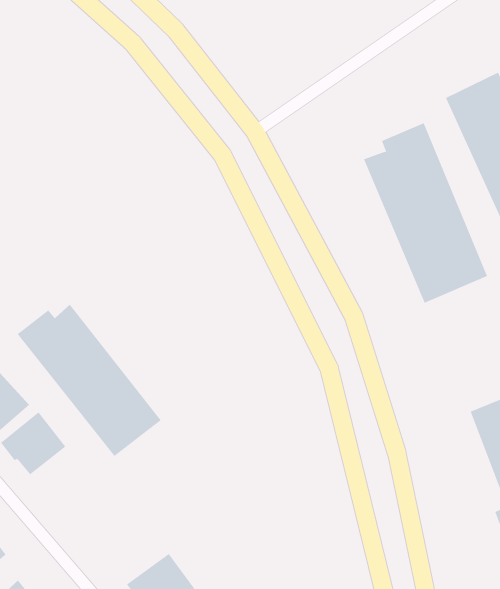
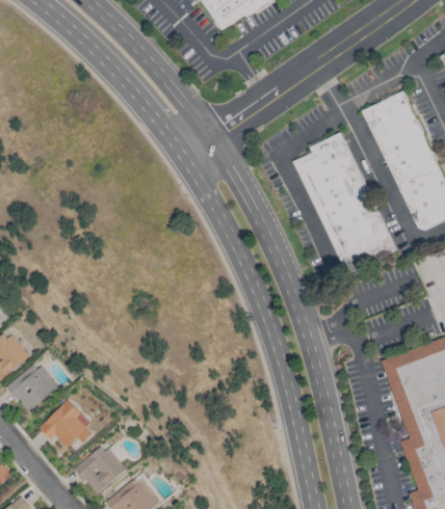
building: [17,304,161,457] -> none
building: none -> [38,400,97,449]
building: none -> [74,445,128,494]

